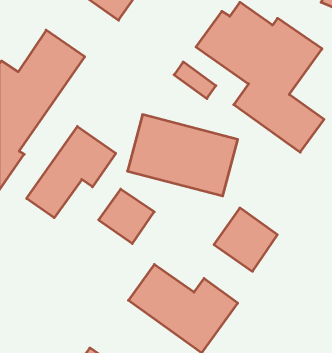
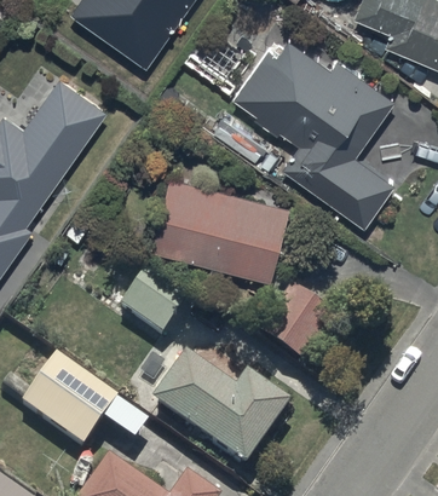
building: [27,126,116,218] -> none
building: none -> [24,363,116,450]

